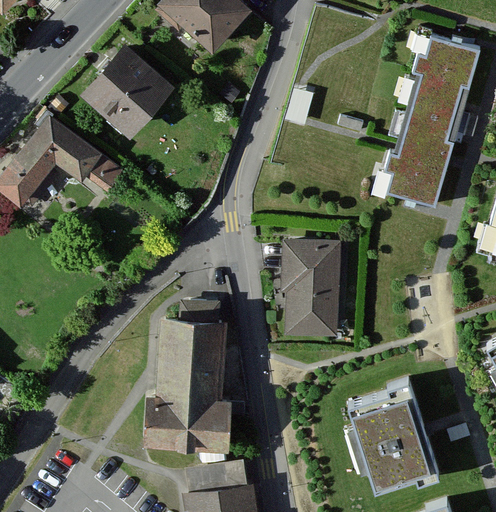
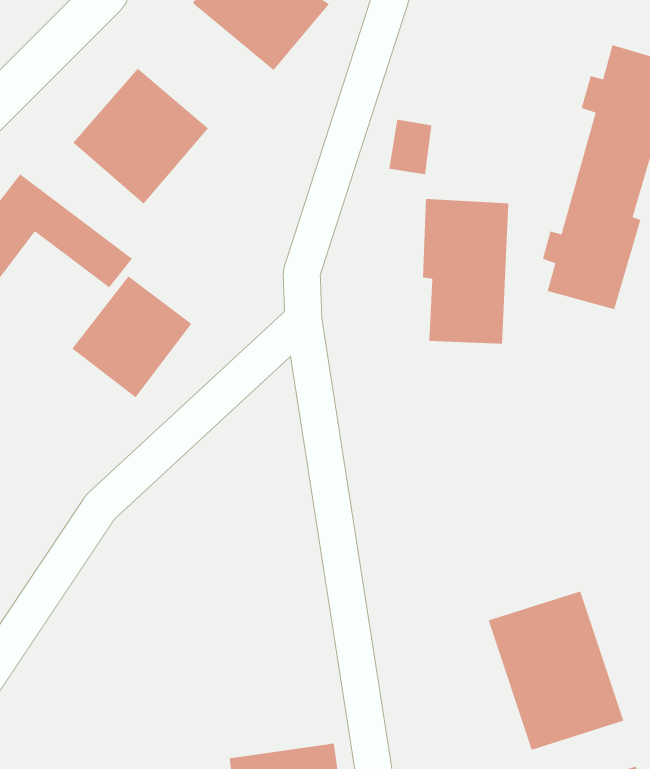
building: none -> [72,275,192,398]
building: [283,241,339,335] -> [422,198,509,344]
building: [146,301,231,448] -> none
building: [186,461,247,493] -> none

